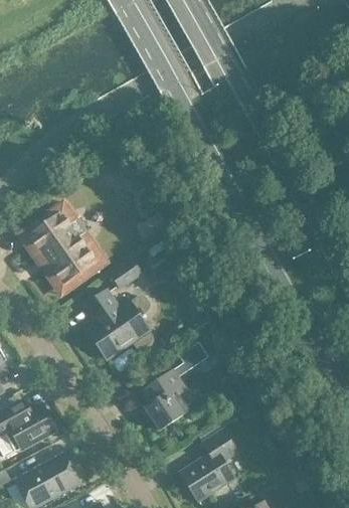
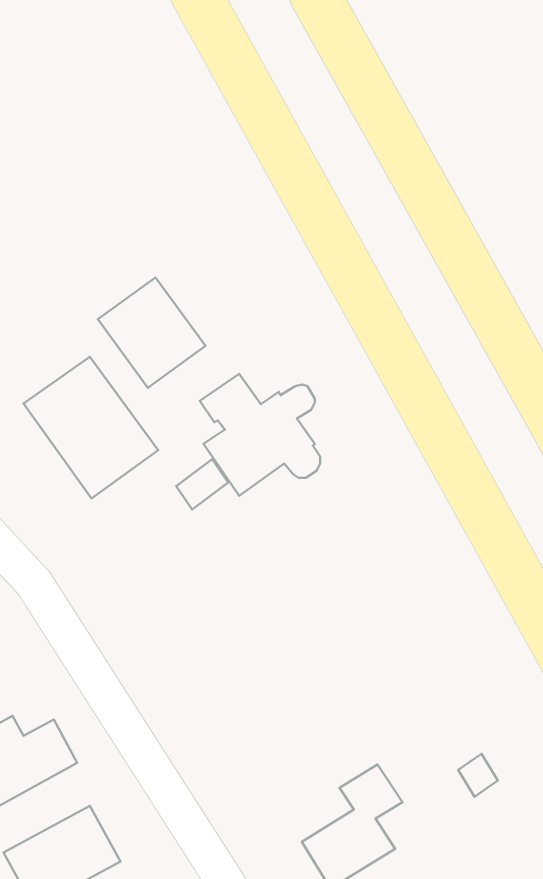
building: none -> [98,277,206,388]
building: [84,291,152,359] -> [200,374,320,496]
building: [140,342,208,431] -> none

